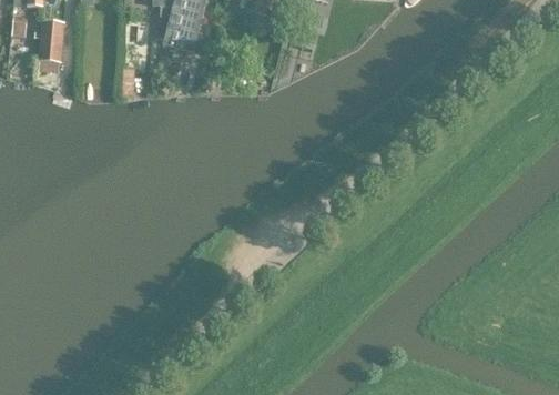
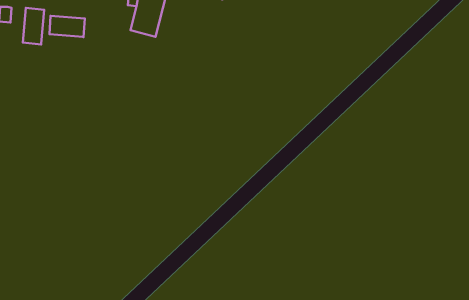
building: none -> [50,16,85,37]

